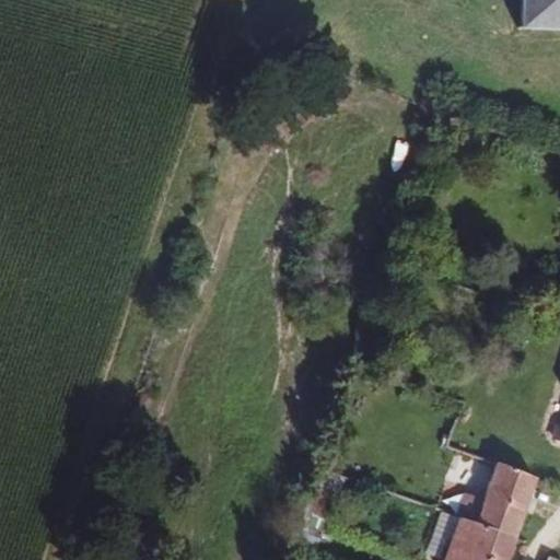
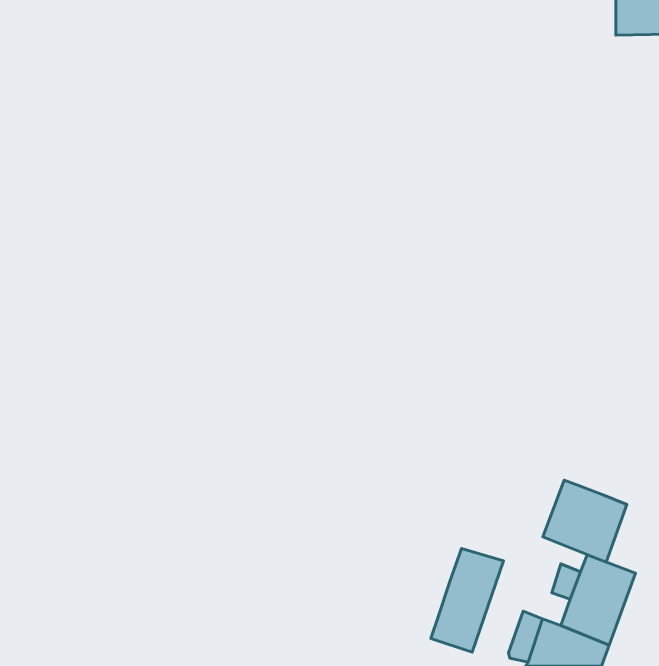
building: none -> [543,480,627,562]
building: none -> [431,548,503,652]

